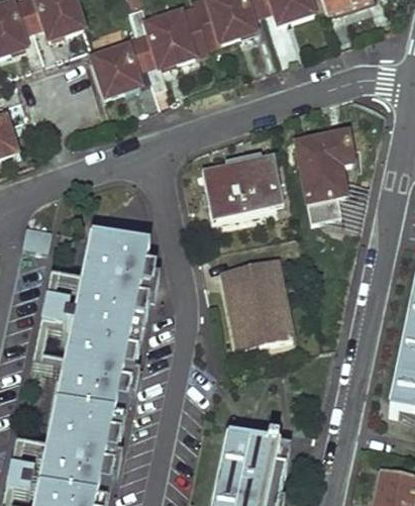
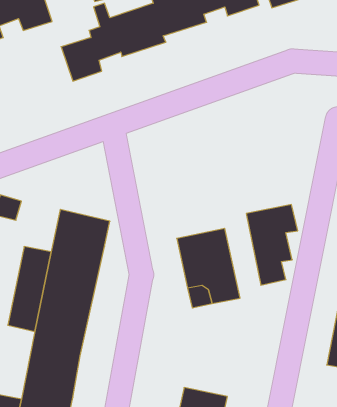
building: [296,132,353,222] -> [246,205,298,285]
building: [205,156,279,218] -> none

